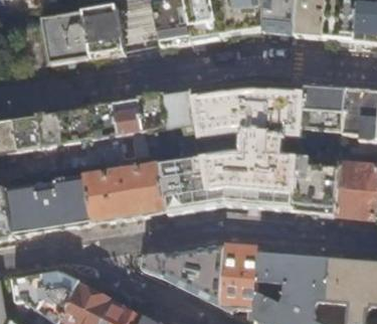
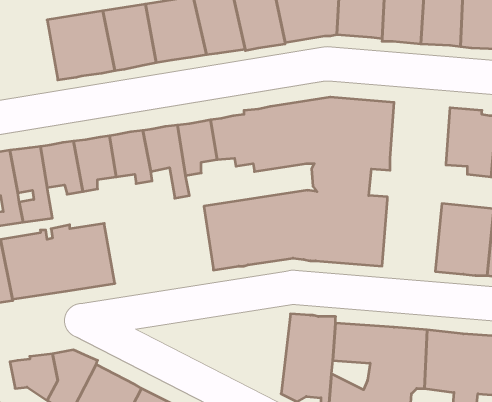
building: [299,85,344,131] -> none
building: [293,158,338,212] -> none
building: [82,163,165,221] -> none
building: [142,245,223,305] -> none

